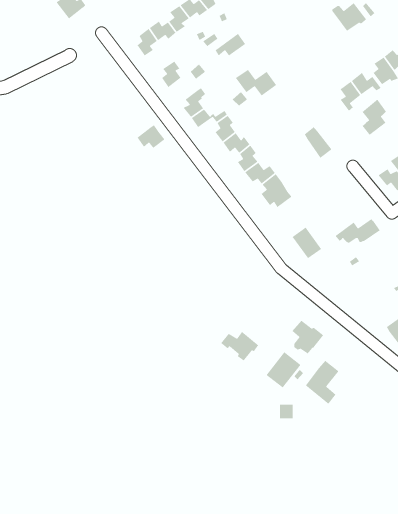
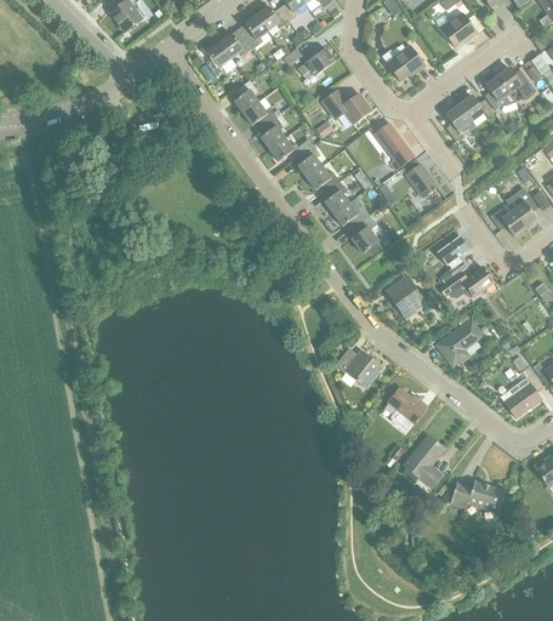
building: none -> [384,44,424,81]
building: none -> [372,121,414,170]
building: [361,99,387,136] -> none
building: [137,124,165,149] -> [241,97,275,126]
building: none -> [435,234,468,275]
building: none -> [435,319,481,365]
building: [220,331,259,362] -> [335,349,381,386]
building: [266,351,302,389] -> none
building: none -> [450,480,506,513]

